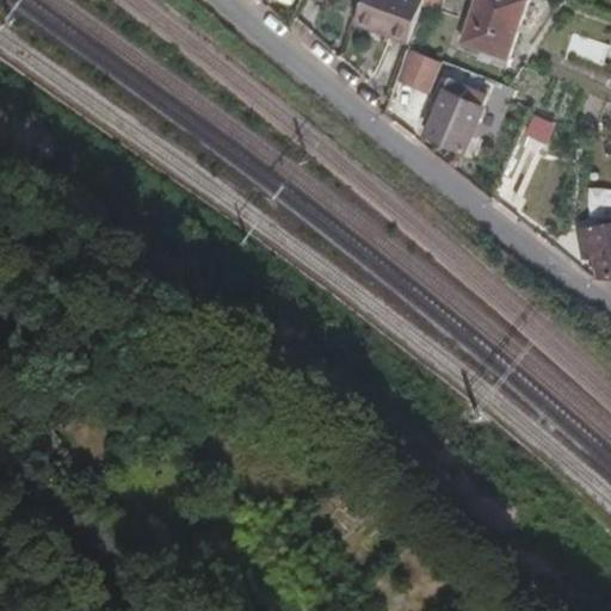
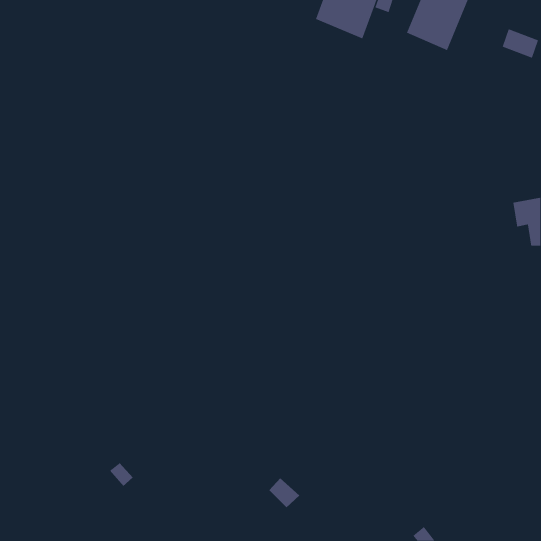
building: [396,47,440,90] -> none
building: [425,79,490,152] -> none

